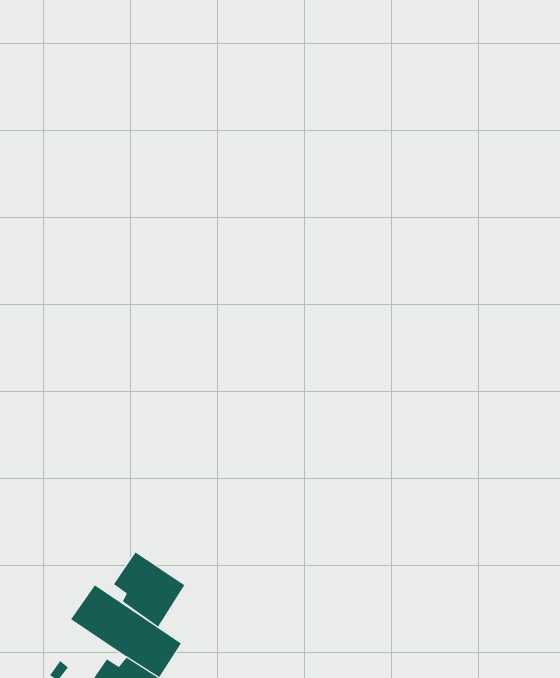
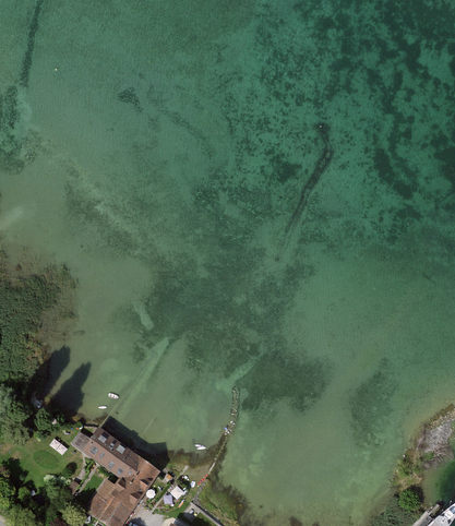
building: [113,551,185,627] -> none

